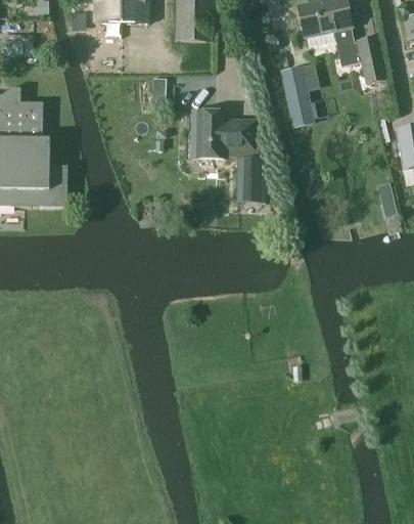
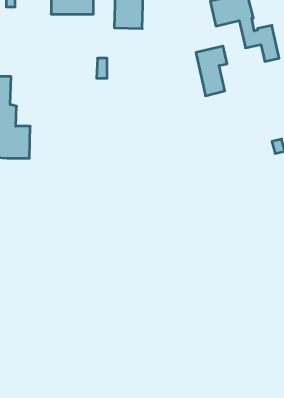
building: [191,110,266,199] -> none

